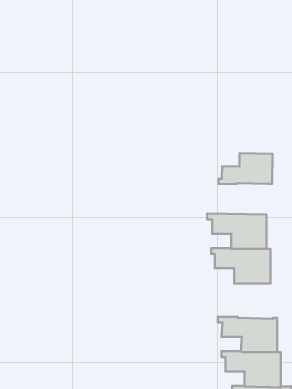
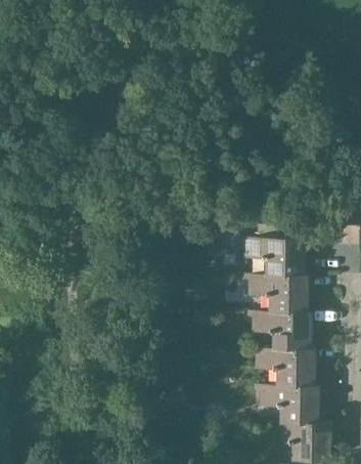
building: [218,153,273,184] -> none
building: none -> [247,311,312,350]

